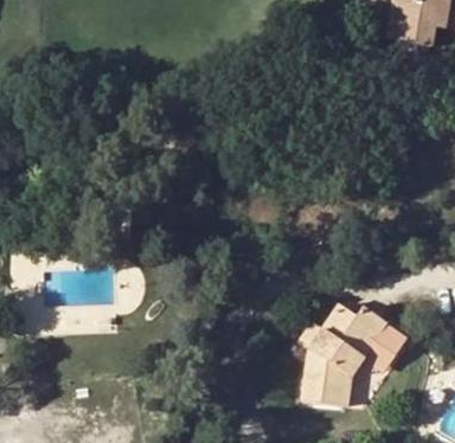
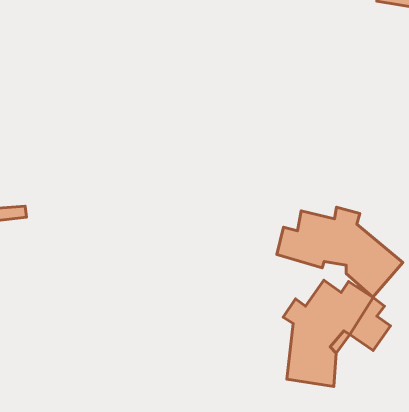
building: none -> [277,207,403,297]

